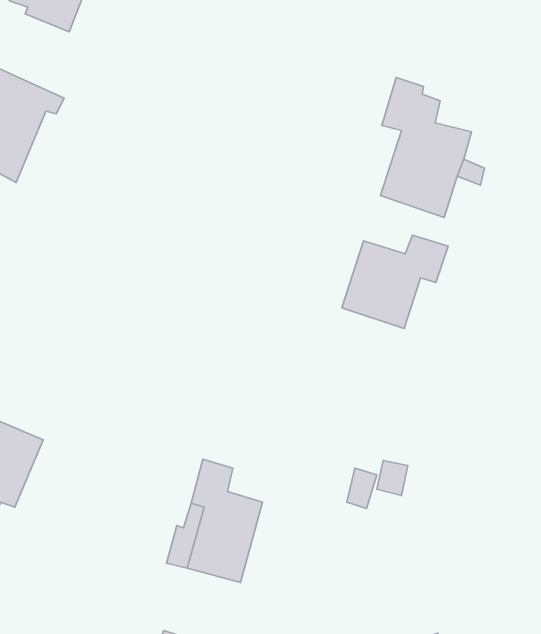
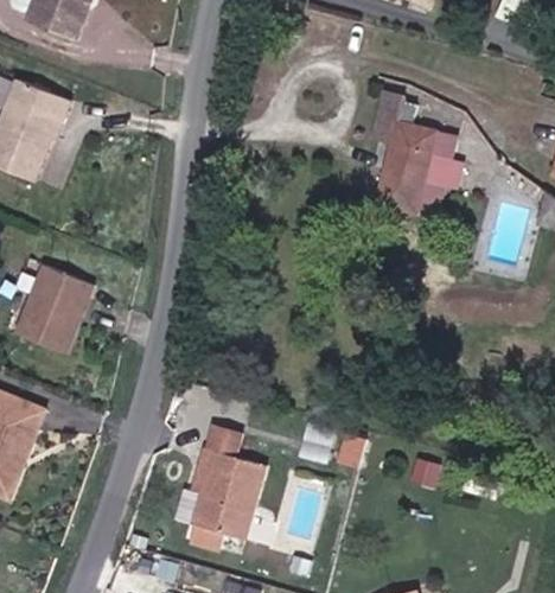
building: [342,235,448,329] -> none
building: none -> [24,270,92,356]

